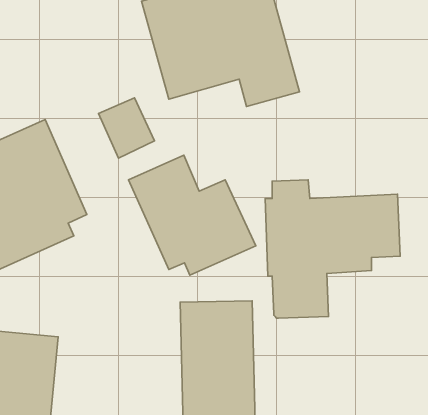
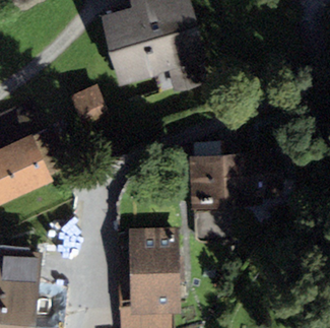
building: [128,155,256,275] -> none

